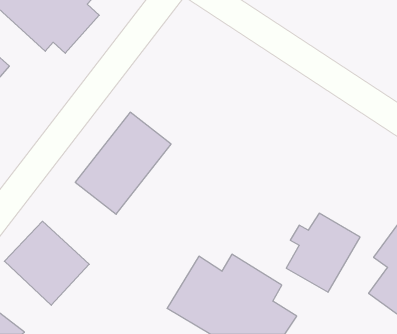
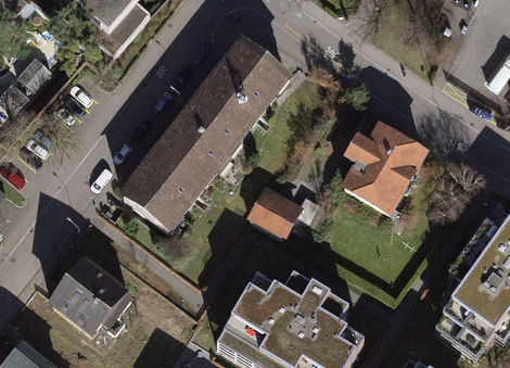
building: none -> [179,47,283,157]
building: none -> [246,193,316,240]
building: [286,213,360,292] -> [340,130,420,216]

